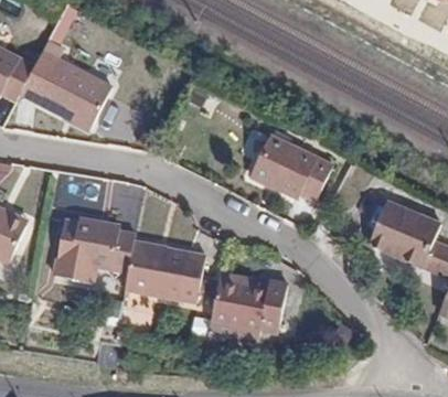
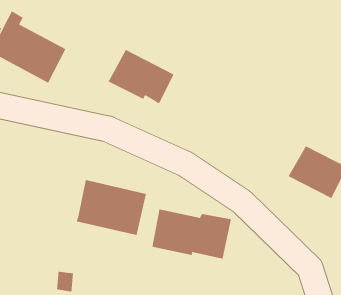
building: [256,131,334,196] -> [108,49,175,105]
building: [65,217,131,281] -> none

